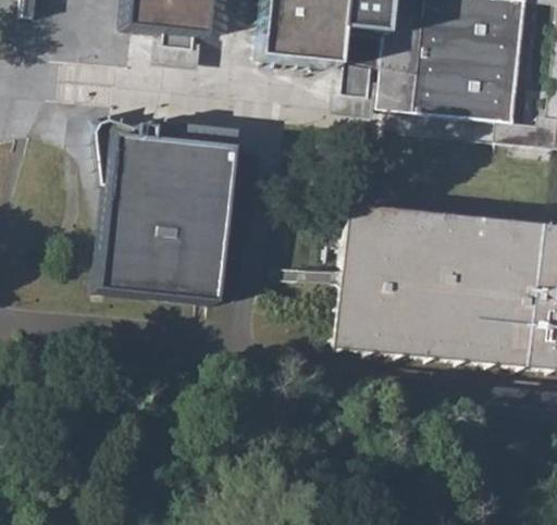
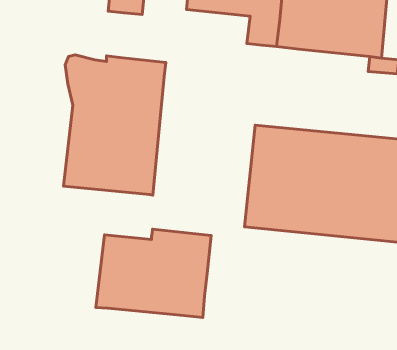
building: none -> [96,229,211,317]

